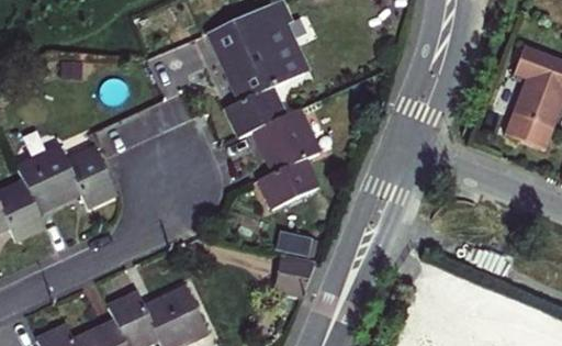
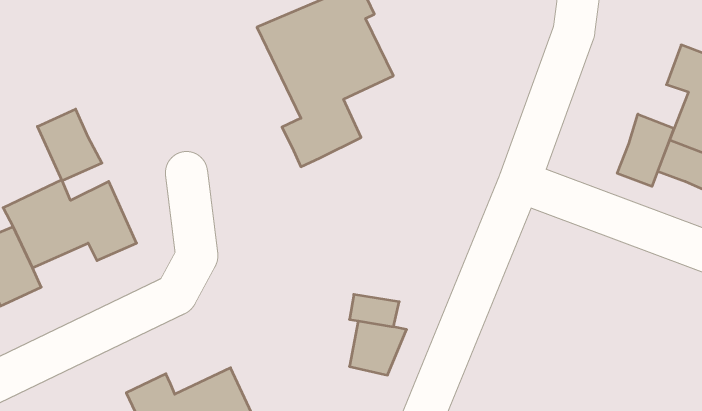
building: none -> [37,109,102,181]
building: none -> [617,114,674,186]
building: [252,108,318,208] -> none

